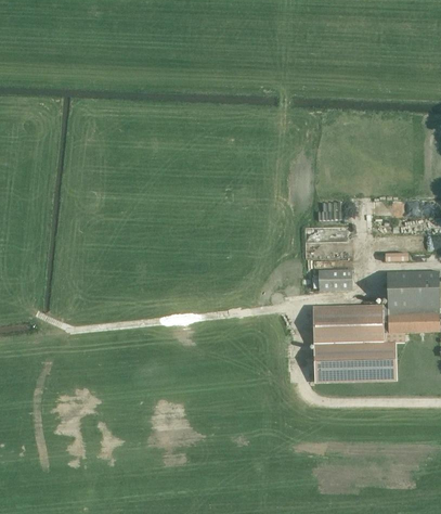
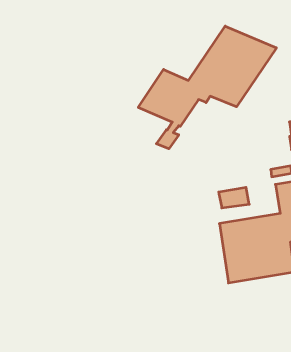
building: none -> [138,26,276,149]

